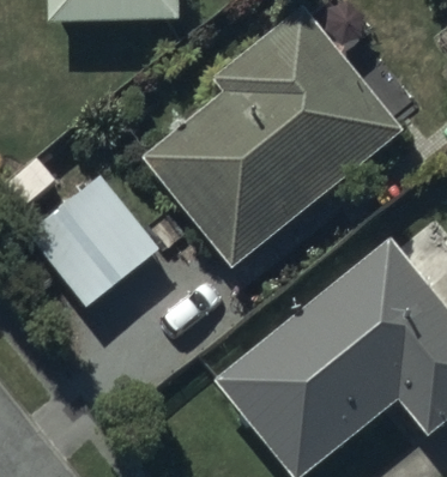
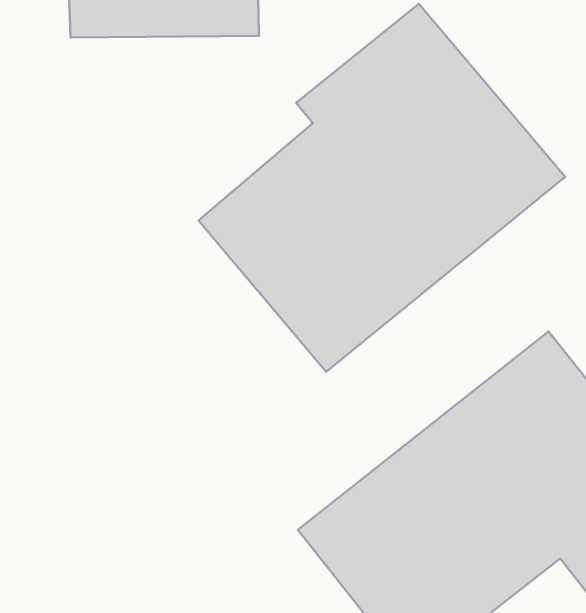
building: [26,173,159,306] -> none

